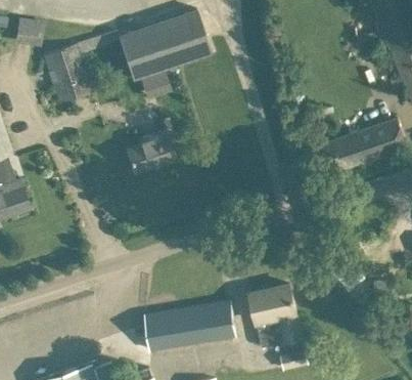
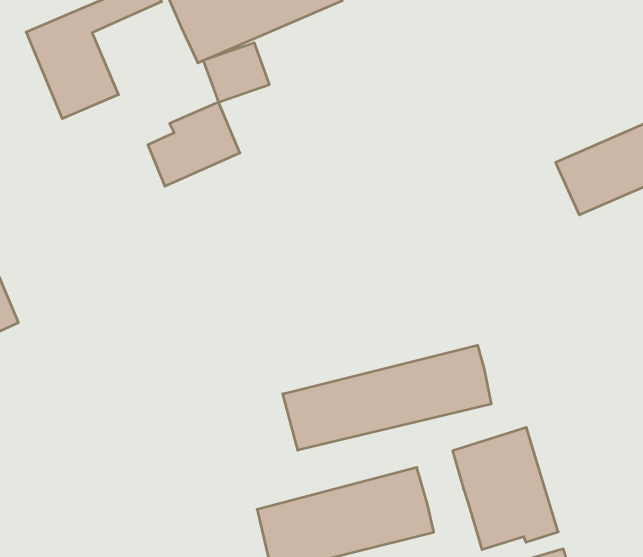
building: [127,130,175,172] -> [148,102,240,186]
building: none -> [283,345,491,450]

